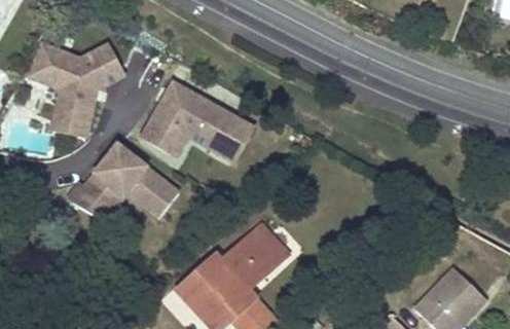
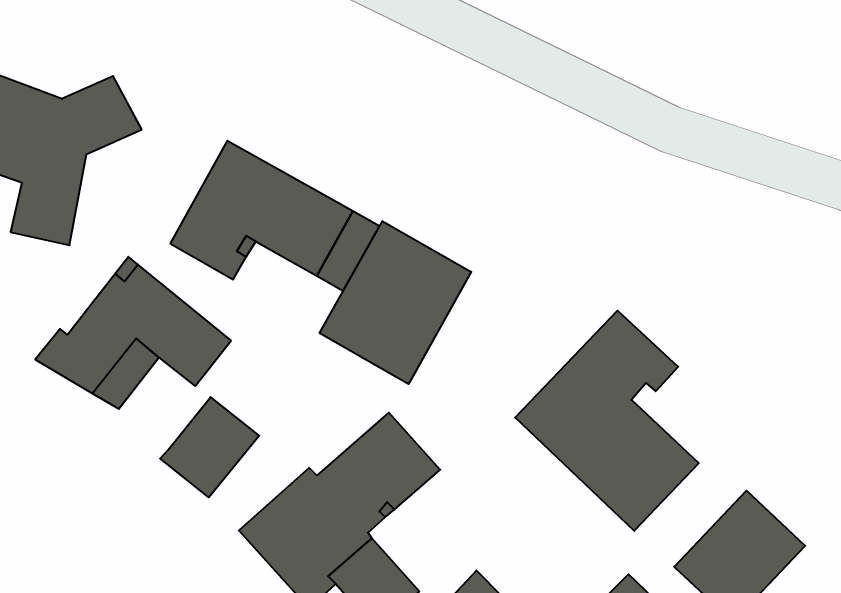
building: none -> [320,221,471,384]
building: none -> [515,311,699,531]
building: none -> [160,397,259,497]

